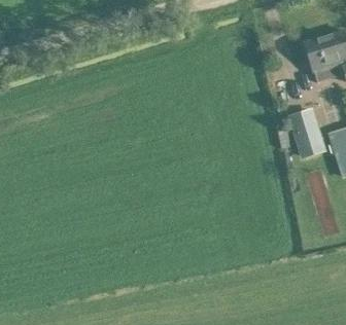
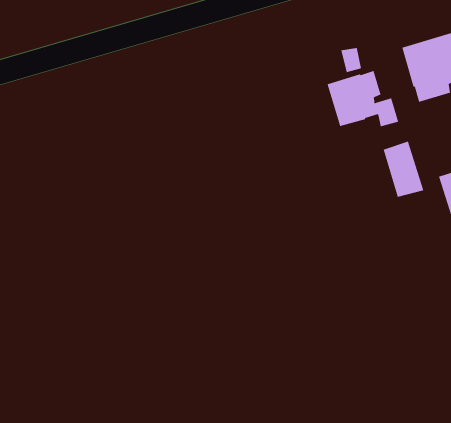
building: none -> [327,70,399,127]

